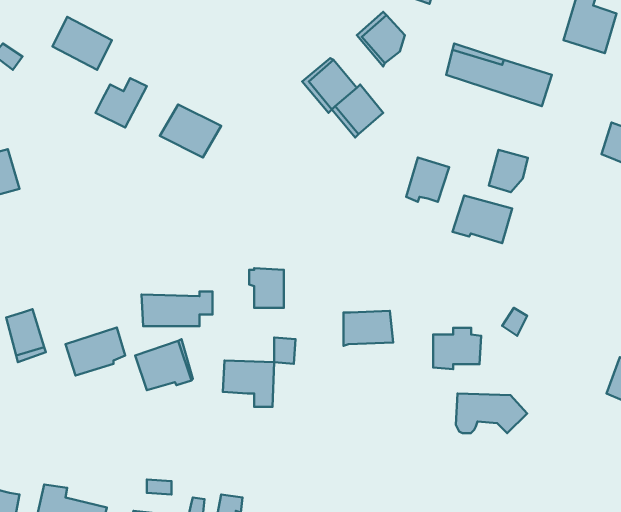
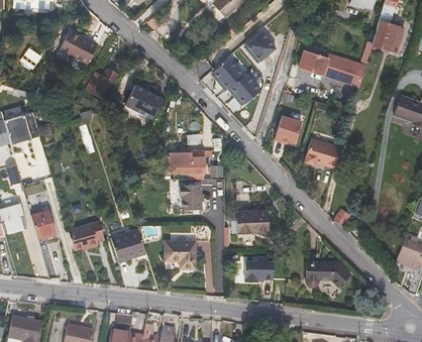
building: [489,150,528,192] -> none
building: [142,291,213,326] -> [169,150,212,172]
building: [433,328,481,369] -> [243,256,273,281]

